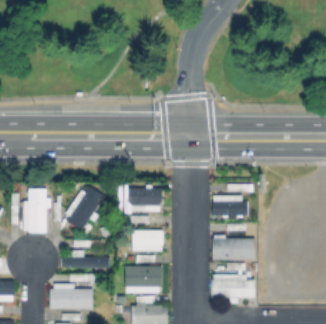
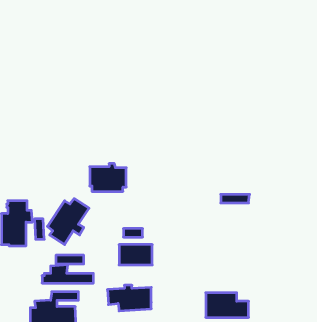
building: [128,184,162,210] -> [90,164,126,191]
building: [212,195,247,215] -> none
building: [213,238,254,260] -> none

